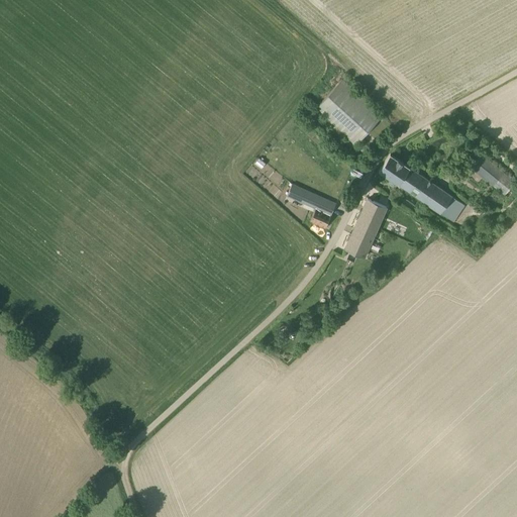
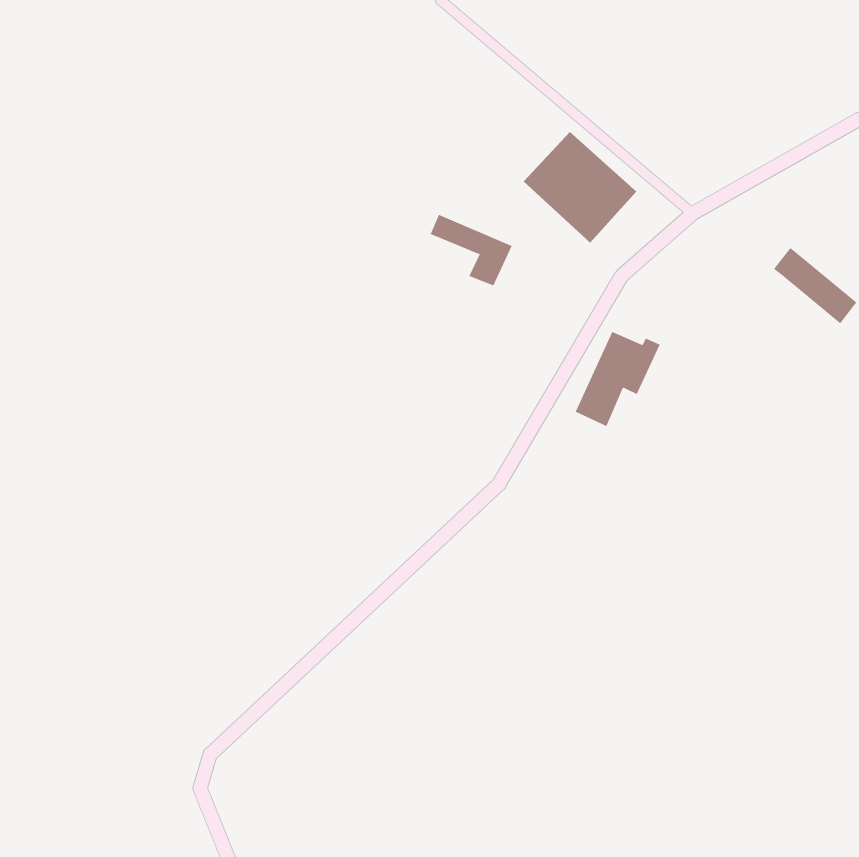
building: [379,154,460,221] -> none
building: [287,185,336,228] -> [430,214,512,286]

